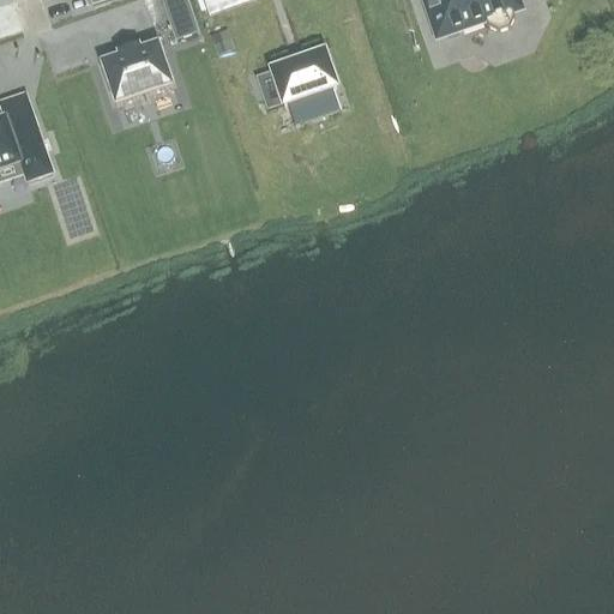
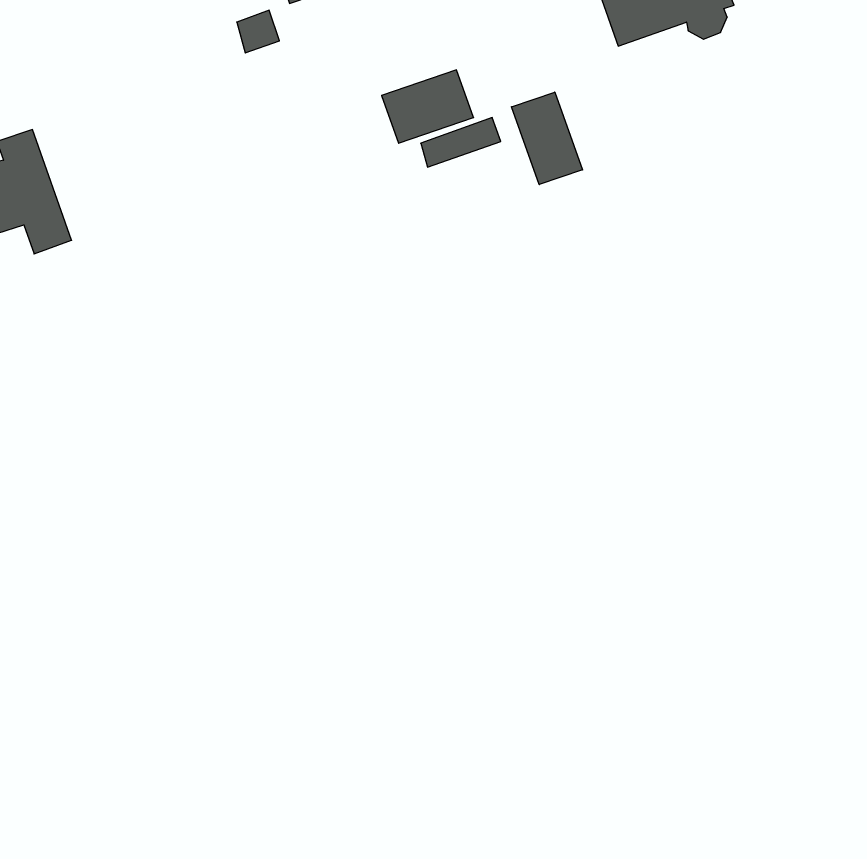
building: [102,41,170,100] -> none
building: none -> [511,92,583,185]

